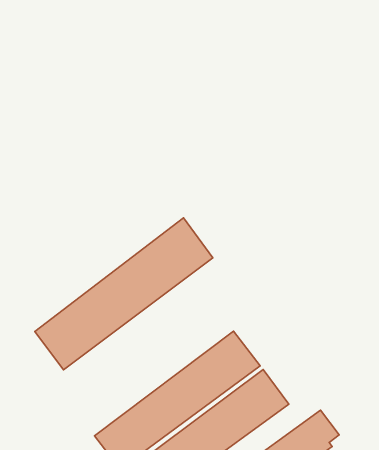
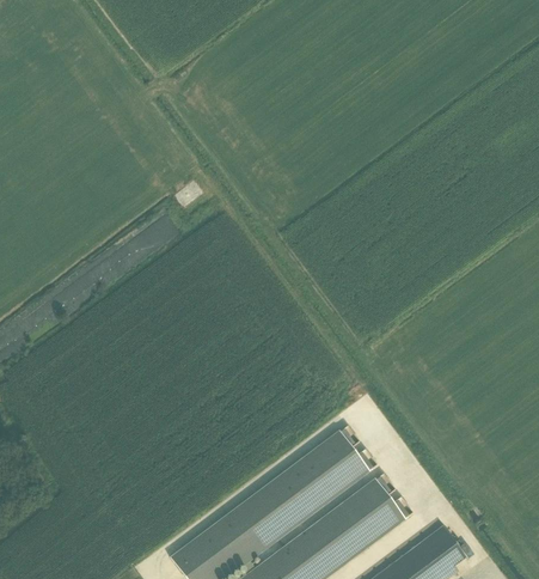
building: [35,218,213,370] -> none

